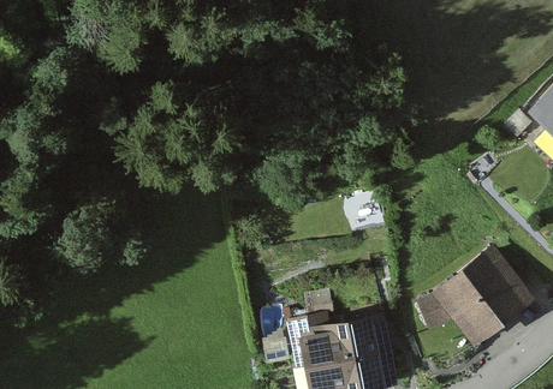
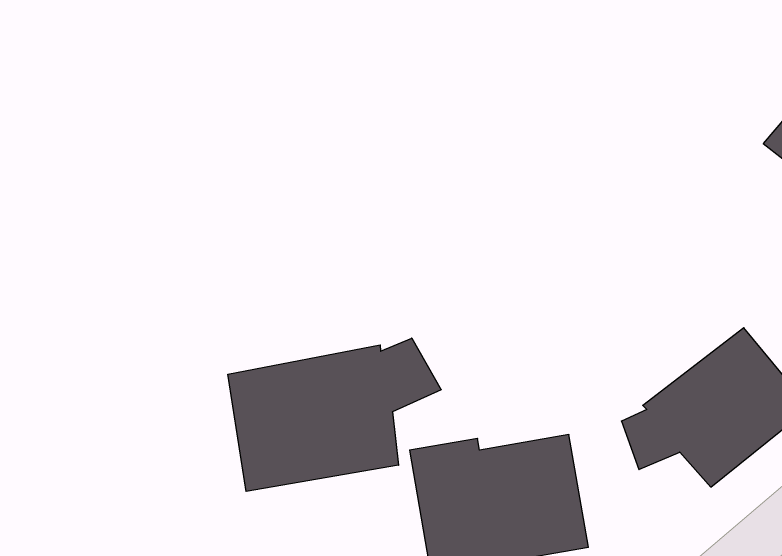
building: none -> [228,338,441,491]

